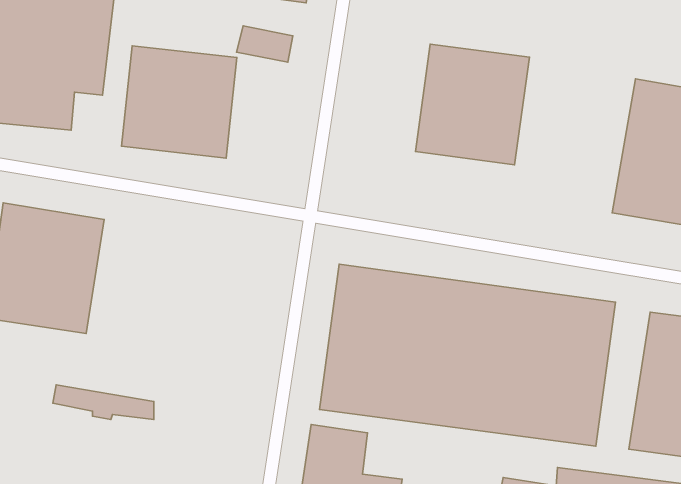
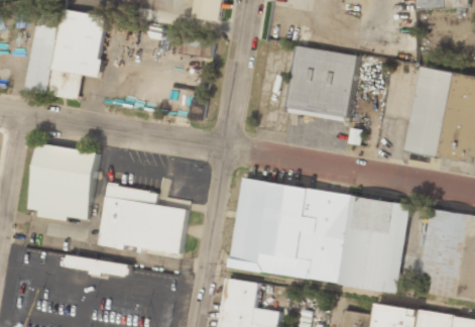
building: [121,46,237,158] -> none
building: none -> [99,186,188,257]

